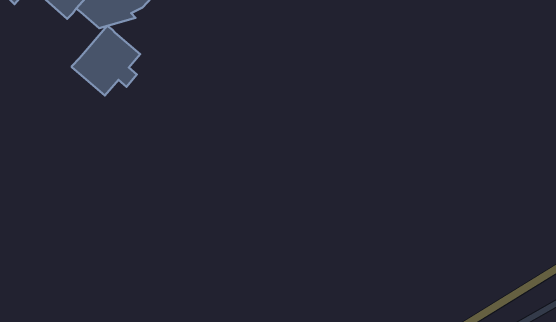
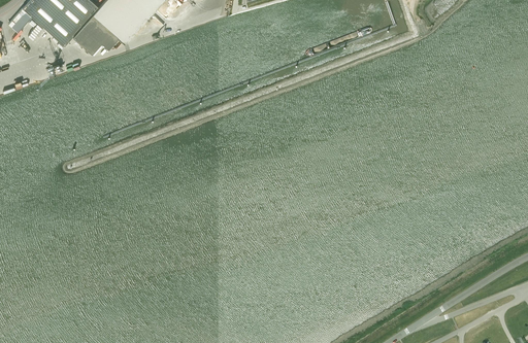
building: [72,26,140,96] -> none

